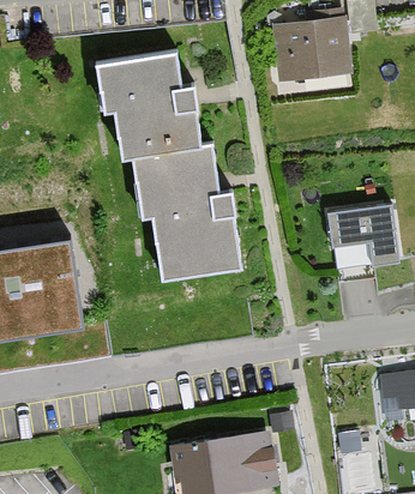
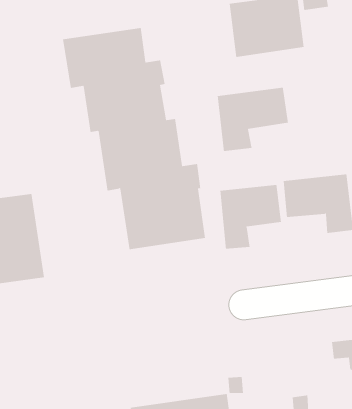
building: none -> [217,87,289,152]
building: none -> [220,184,281,250]

